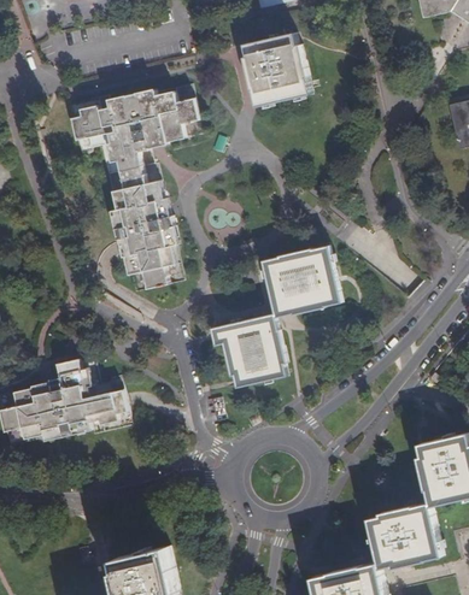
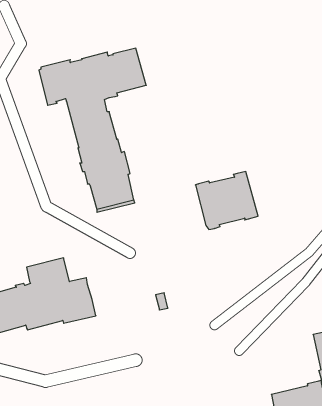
building: [248,34,312,105] -> none
building: [212,310,288,384] -> none

